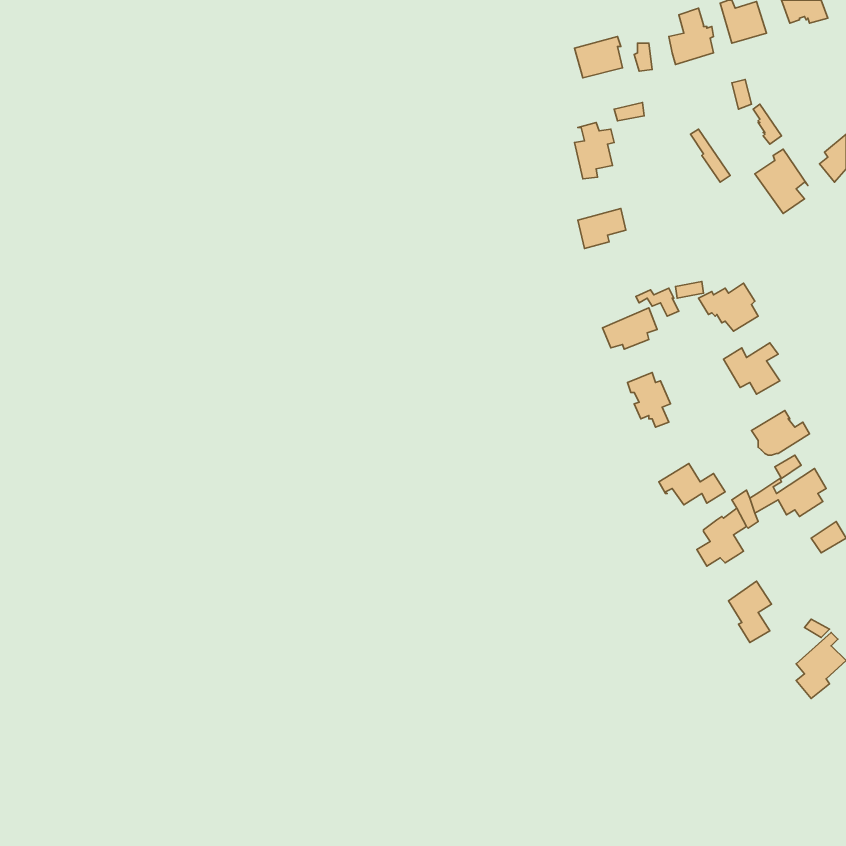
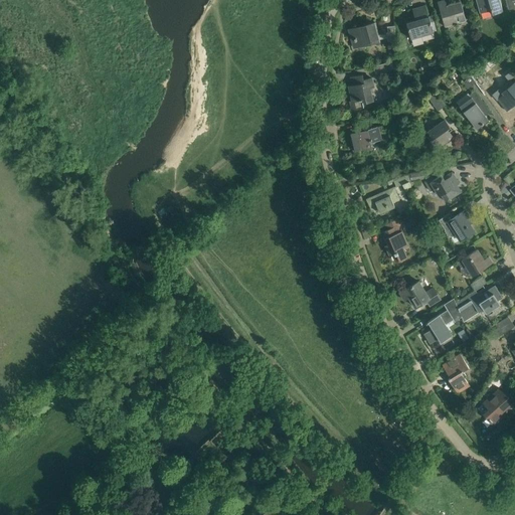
building: none -> [427,119,455,152]

